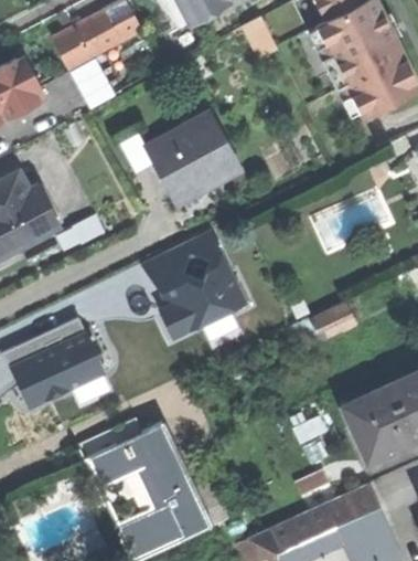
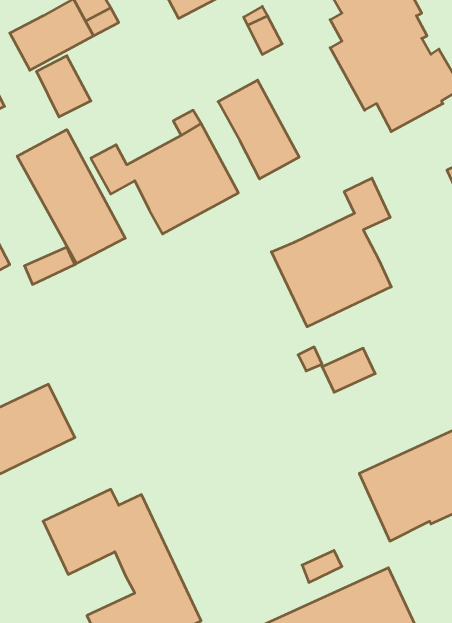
building: none -> [218,80,299,179]
building: none -> [17,130,125,264]
building: none -> [271,178,391,327]
building: [146,232,247,341] -> none

